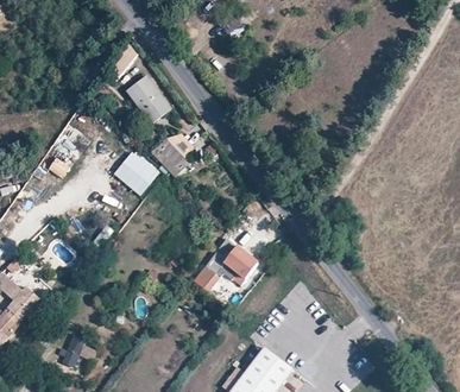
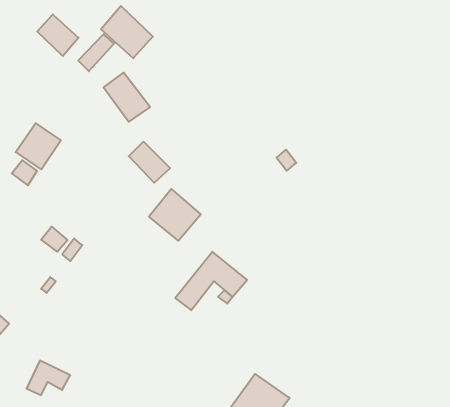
building: none -> [101,6,153,58]
building: none -> [37,14,79,56]
building: [113,148,159,195] -> [149,189,201,241]

